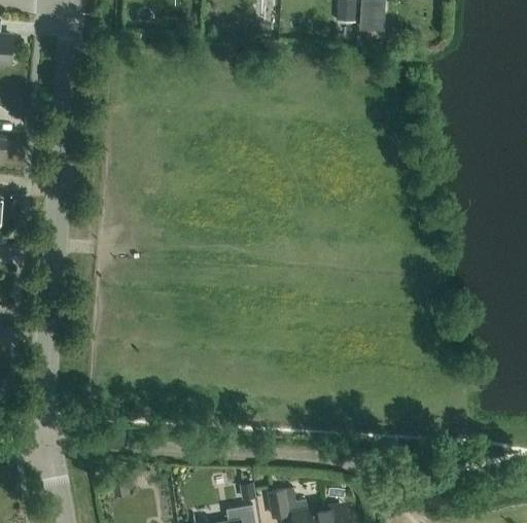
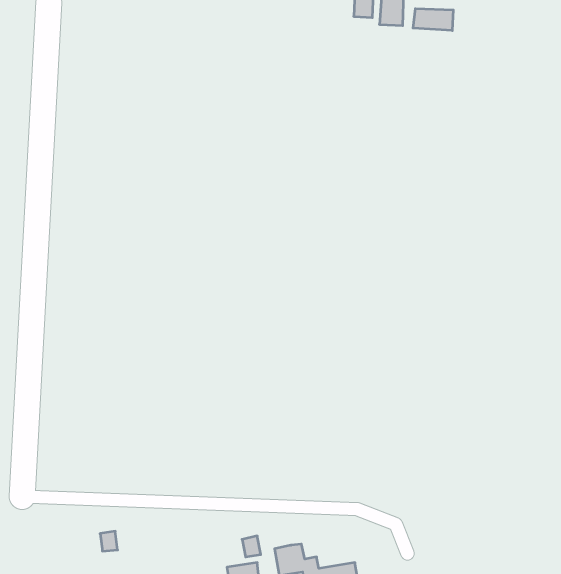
building: none -> [413,9,453,31]

